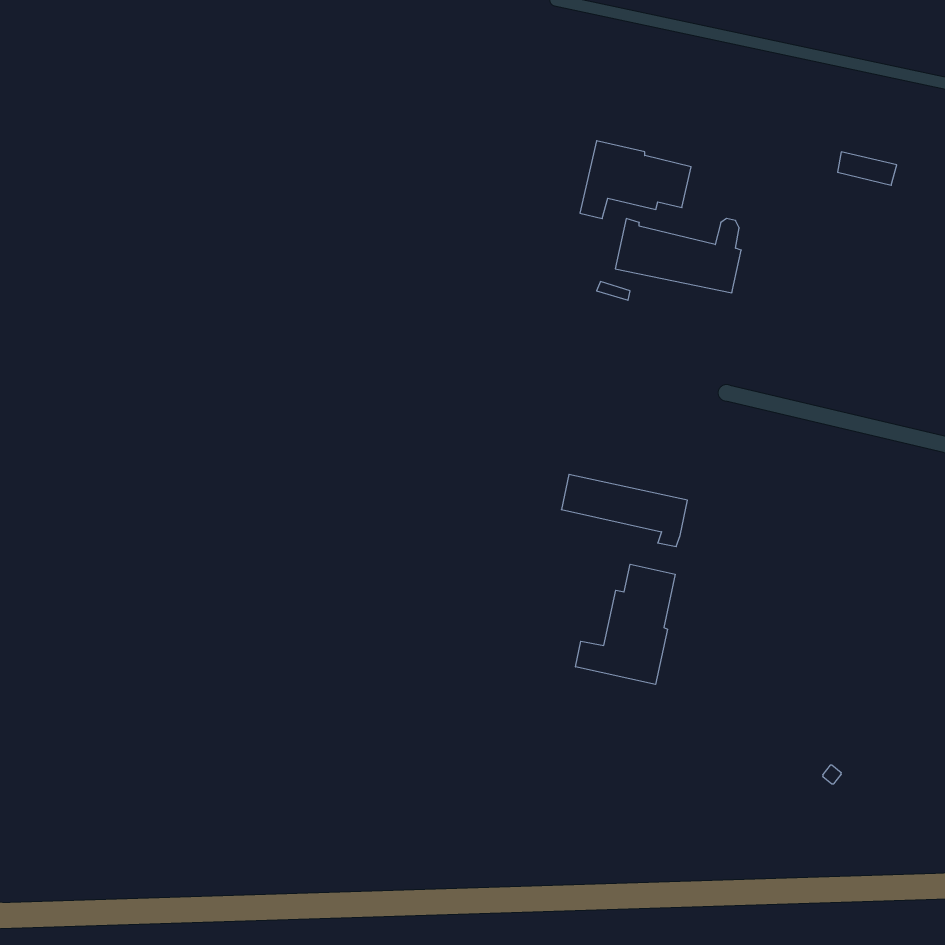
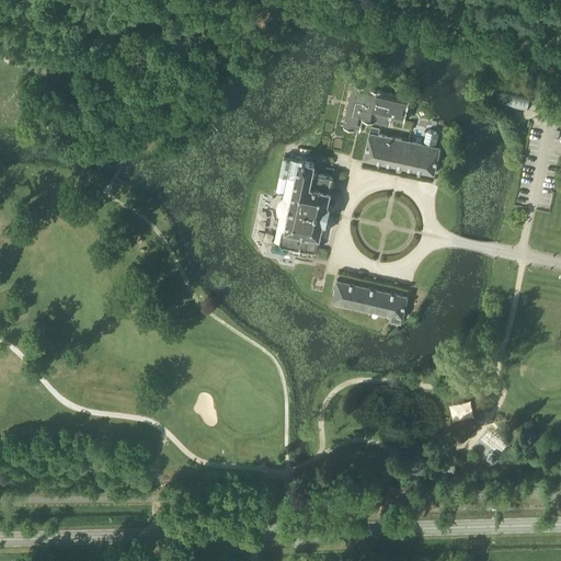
building: none -> [275,160,332,251]
building: [576,564,675,684] -> none

